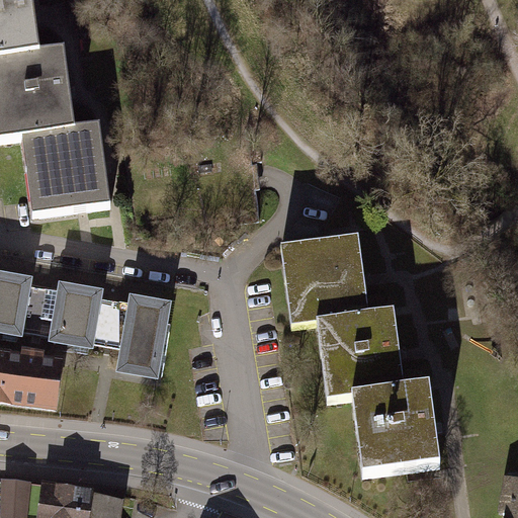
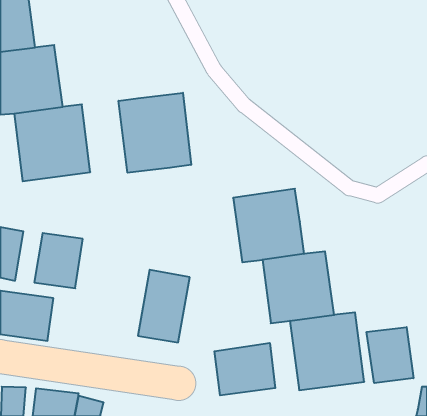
building: none -> [119,93,191,173]
building: [108,295,171,383] -> [138,270,190,342]
building: none -> [367,327,413,383]
building: none -> [214,343,275,395]

